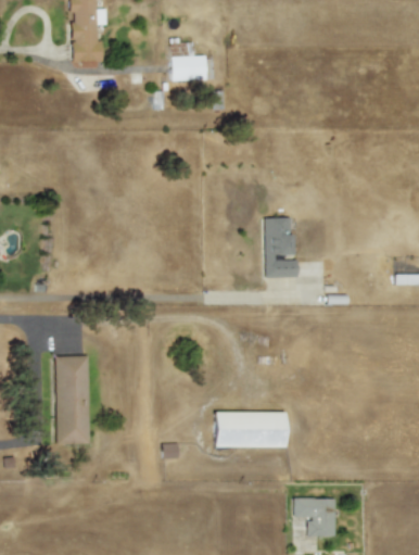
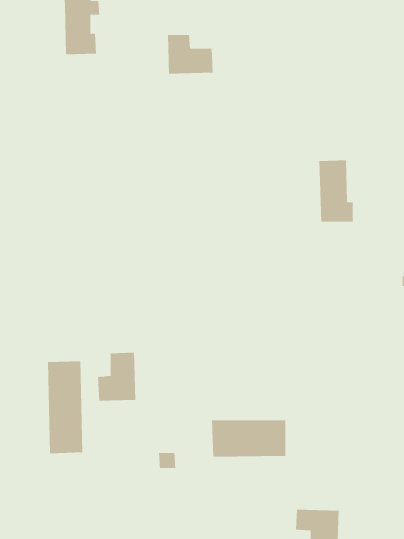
building: [264,217,297,277] -> [318,160,354,222]
building: none -> [98,352,136,401]

